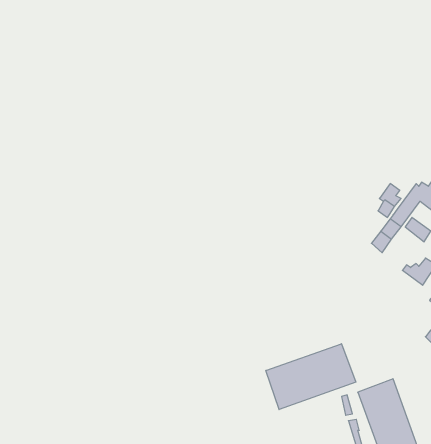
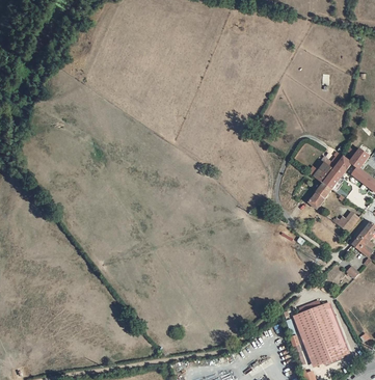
building: [266,344,356,410] -> none

